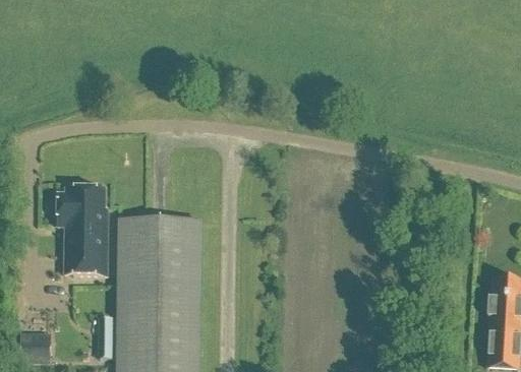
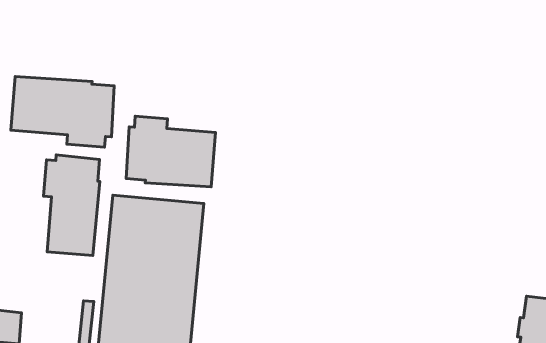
building: none -> [11,77,114,147]
building: none -> [126,116,215,187]

